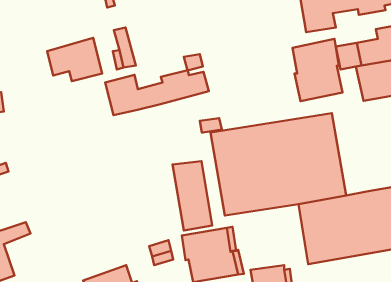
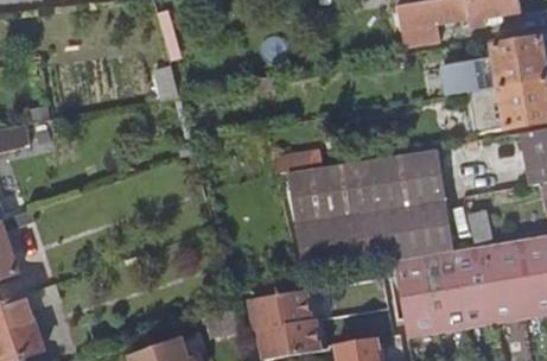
building: [47,38,102,81] -> none
building: [293,39,343,101] -> none
building: [105,70,209,115] -> none
building: [173,161,212,231] -> none

